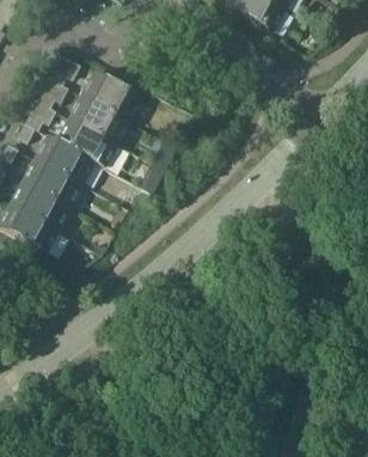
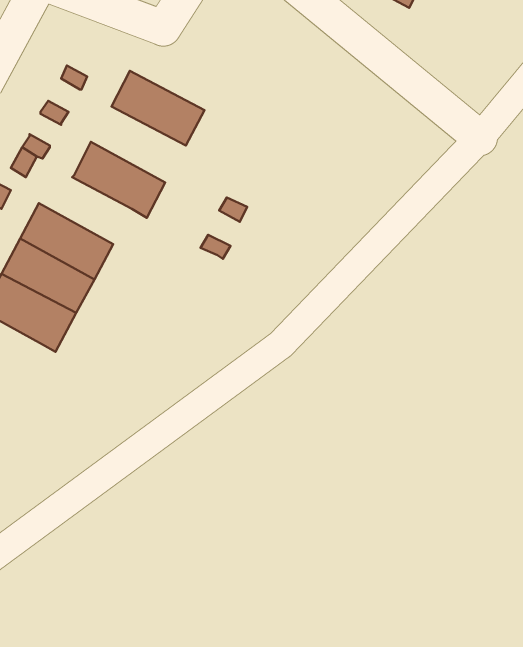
building: [69,90,130,139] -> none
building: [36,129,96,178] -> none

